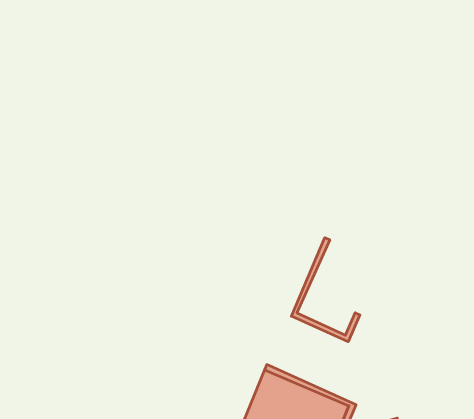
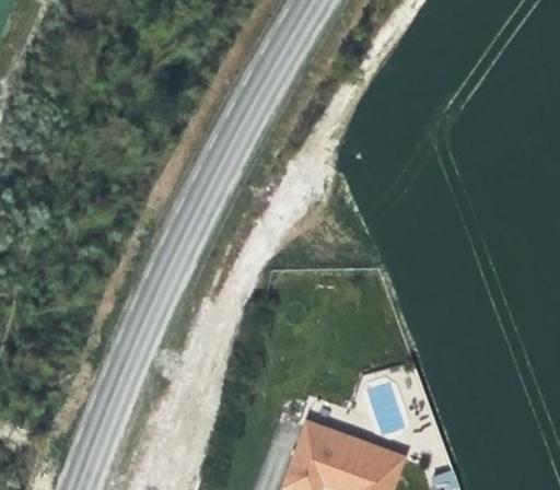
building: [291,238,360,342] -> none

